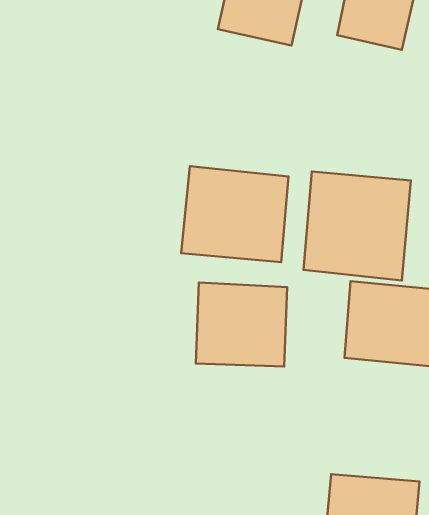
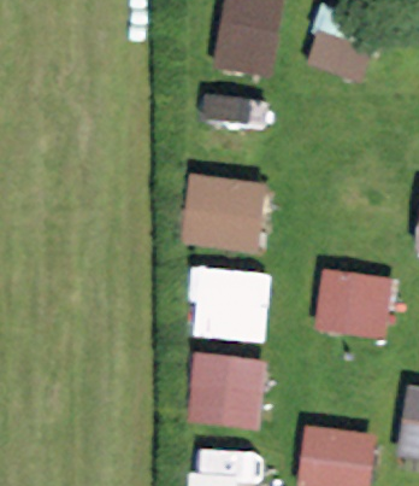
building: [303,172,411,280] -> none
building: none -> [187,351,266,429]

